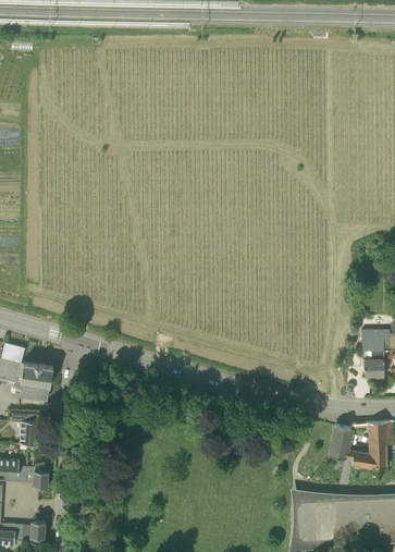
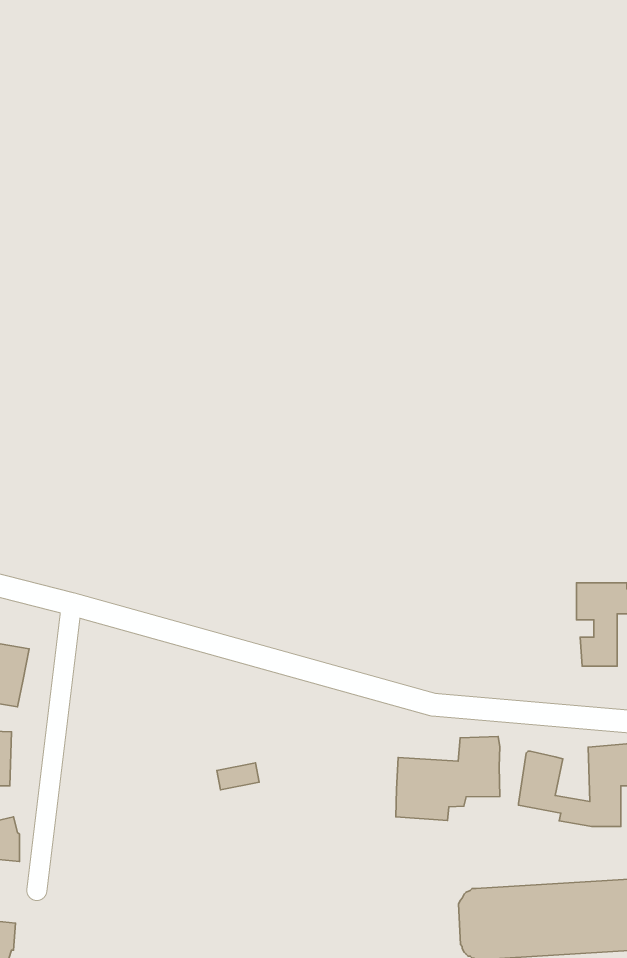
building: none -> [396,736,500,821]

